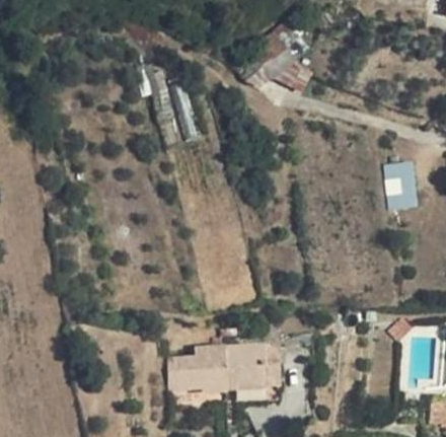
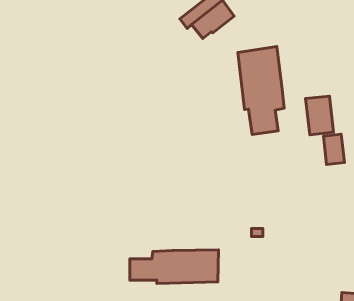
building: none -> [238,47,284,134]
building: none -> [323,134,344,165]

